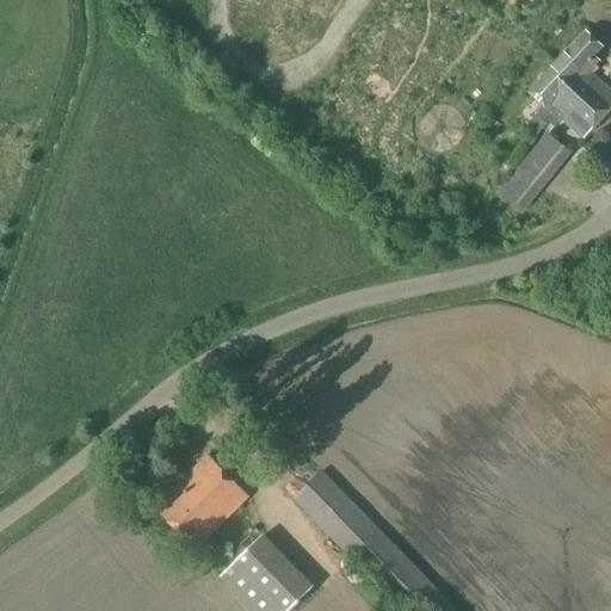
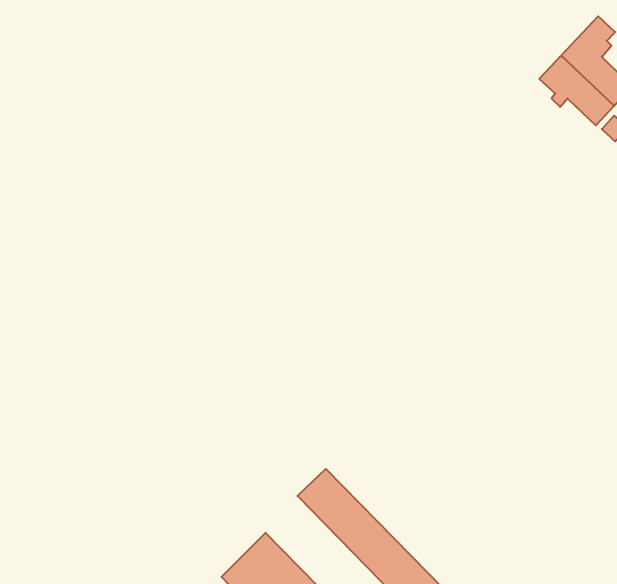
building: [500,132,570,209] -> none
building: [154,453,248,548] -> none

